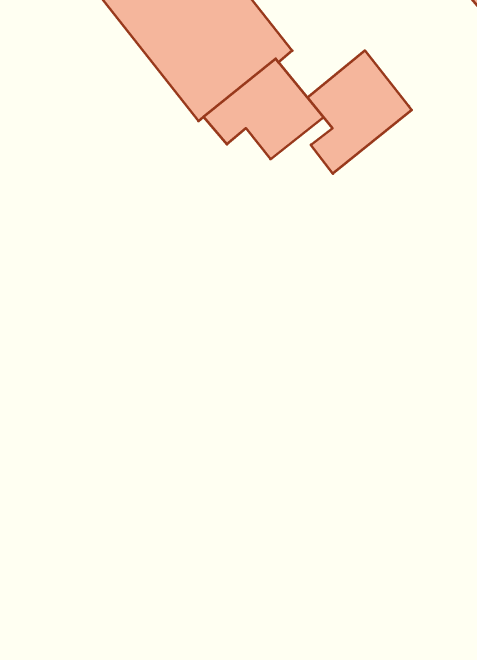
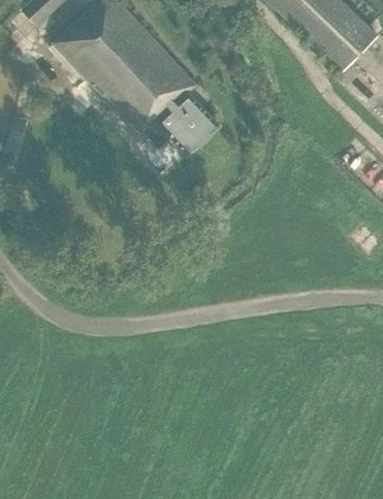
building: [307,51,412,174] -> none

